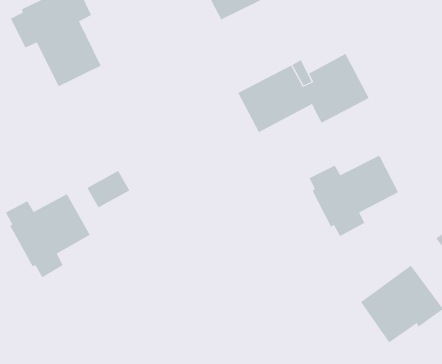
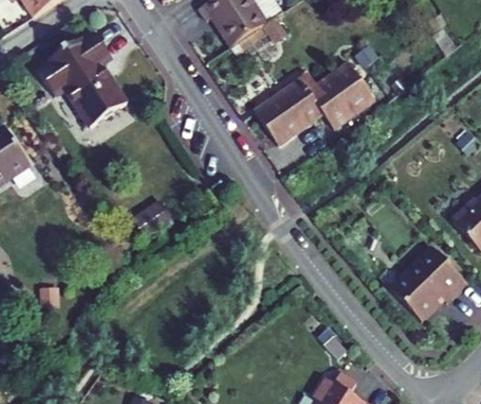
building: [309,155,399,237] -> none
building: [5,194,90,278] -> none

